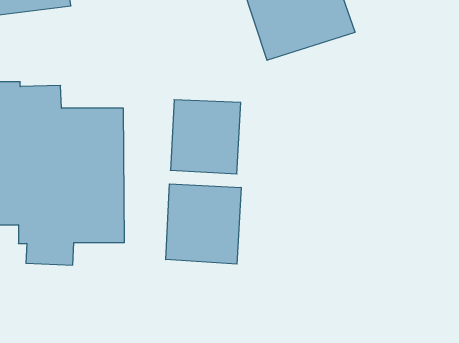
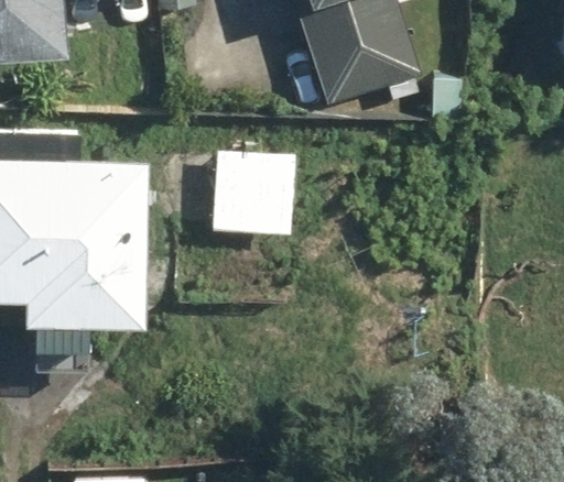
building: [166,184,241,264] -> none

